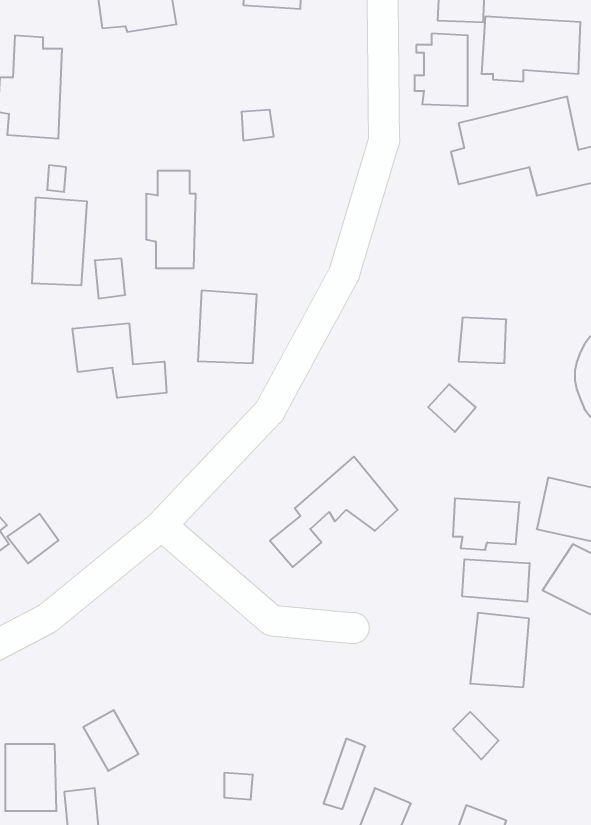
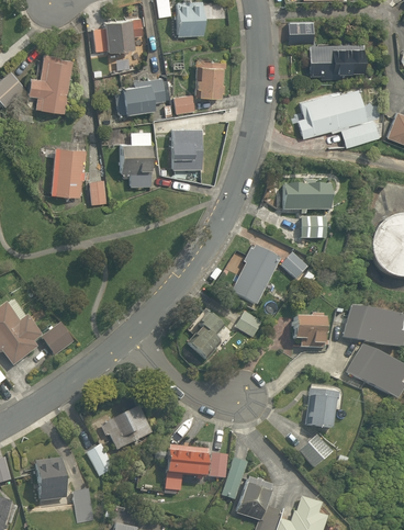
building: [414,34,468,106] -> [198,56,228,98]
building: none -> [117,76,168,116]
building: none -> [280,184,335,211]
building: [198,291,257,363] -> [170,128,204,170]
building: [73,323,166,398] -> none
building: none -> [232,248,276,302]
building: [462,559,530,602] -> none
building: none -> [97,403,162,452]
building: none -> [170,444,226,477]

